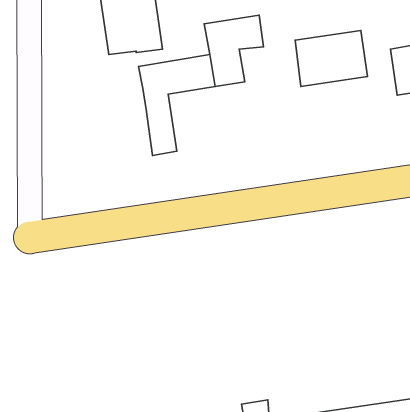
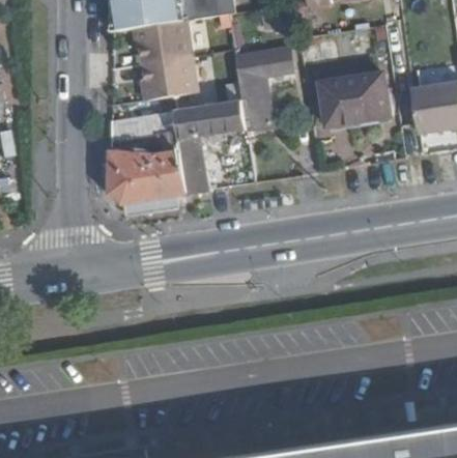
building: none -> [108,109,177,142]
building: none -> [108,149,187,202]

